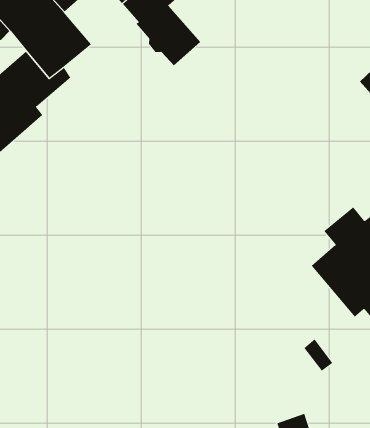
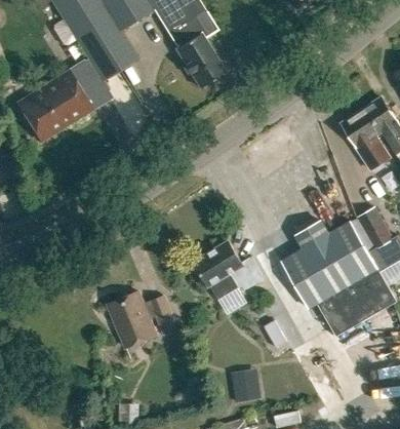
building: none -> [195,241,266,301]
building: none -> [109,290,177,347]

